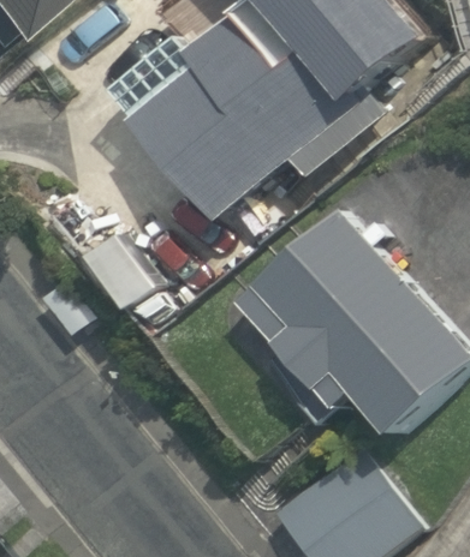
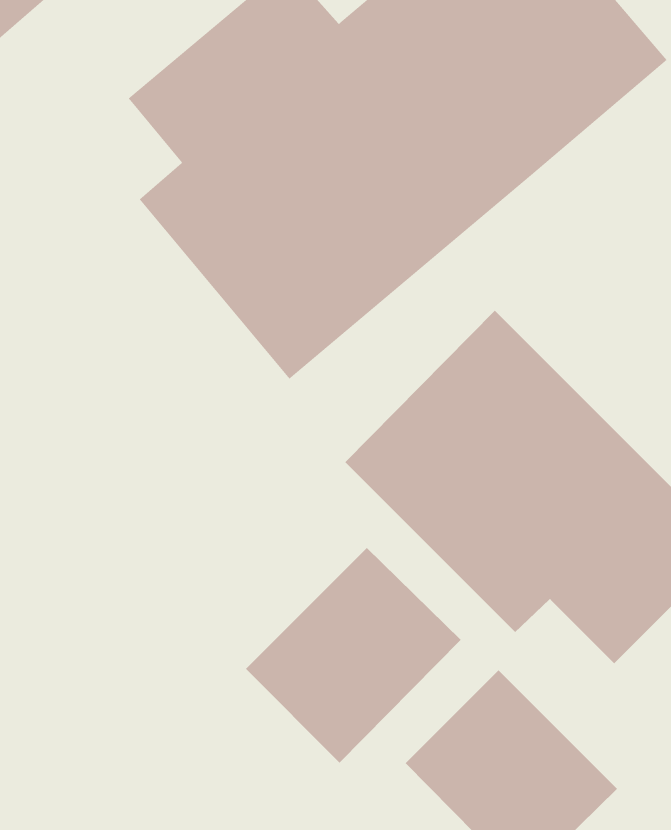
building: none -> [245,547,462,763]

